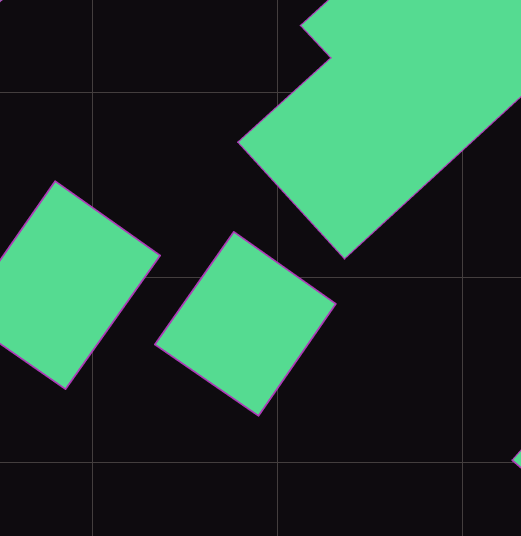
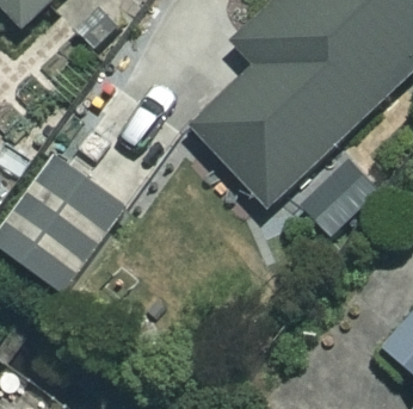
building: [155,232,336,416] -> none

